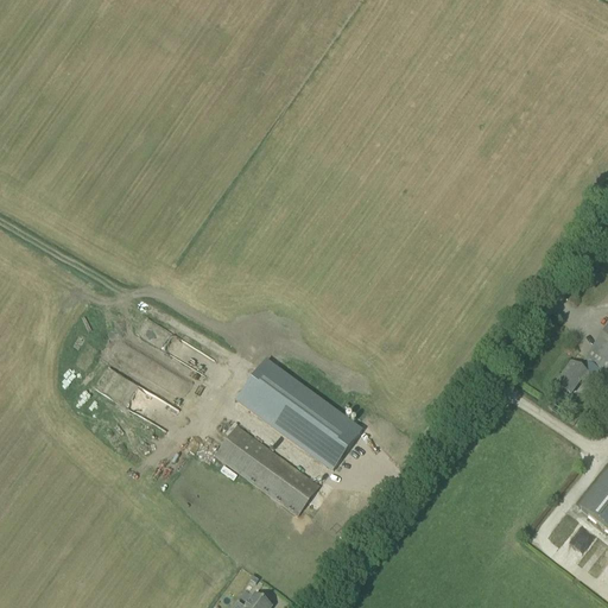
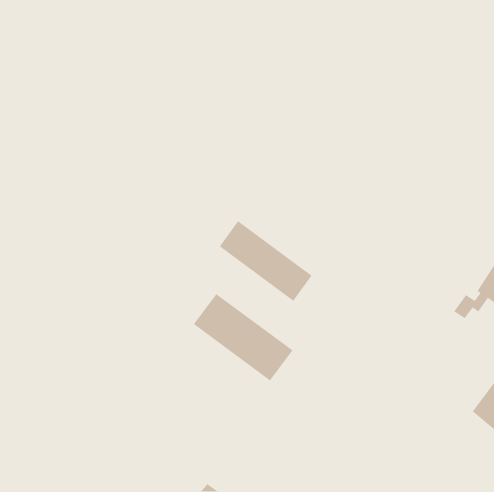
building: none -> [219,220,312,302]
building: [216,425,319,513] -> none

